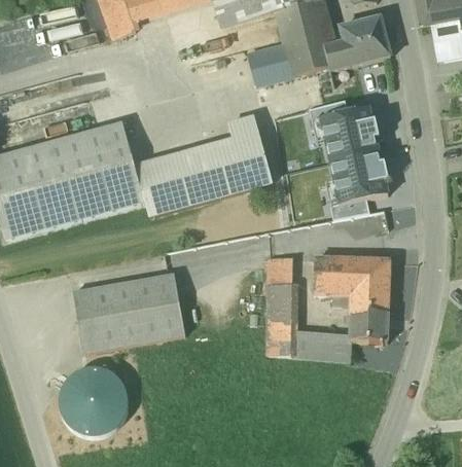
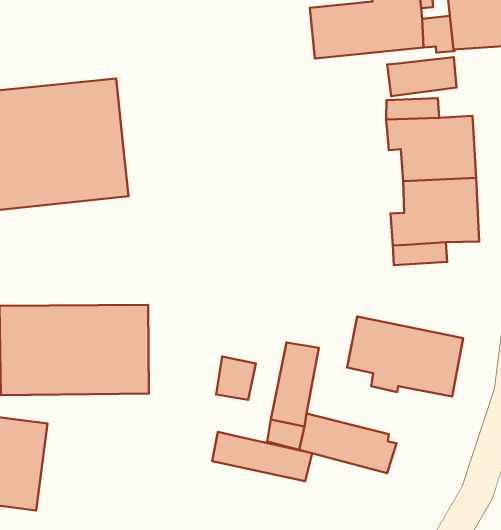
building: none -> [387,57,457,96]
building: [136,116,273,215] -> none
building: [271,257,294,284] -> [216,356,256,400]
building: [345,301,390,342] -> none
building: none -> [212,432,312,481]

